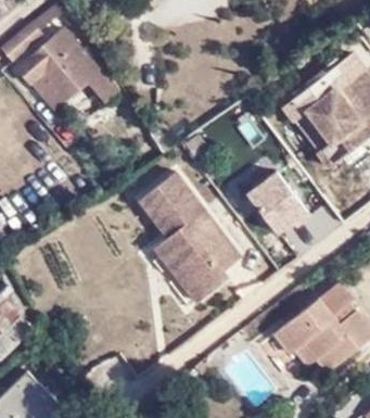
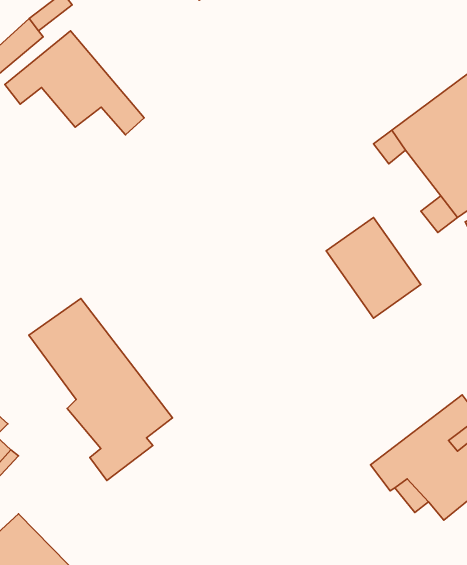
building: [132,176,234,305] -> [29,299,173,480]

